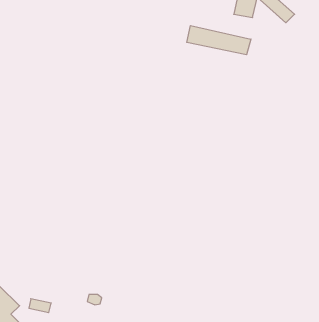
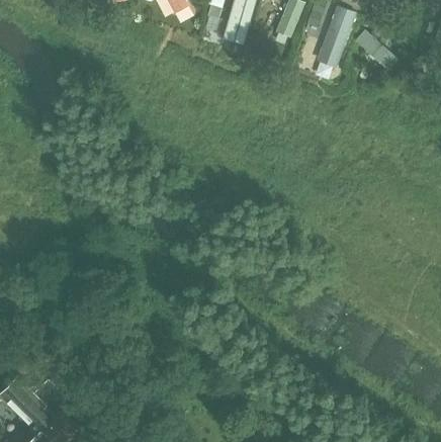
building: [187,26,251,55] -> none

